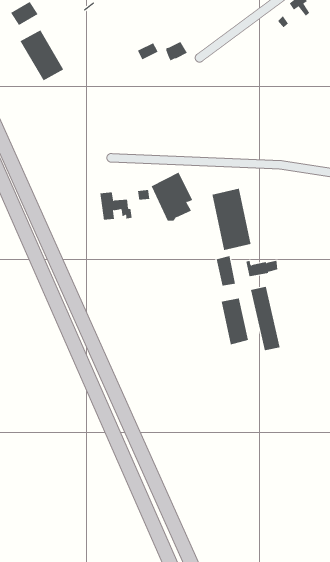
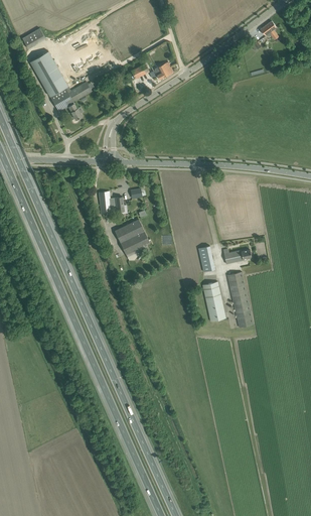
building: none -> [49,82,91,119]
building: [151,172,193,221] -> [114,218,150,260]
building: [212,188,251,251] -> none

